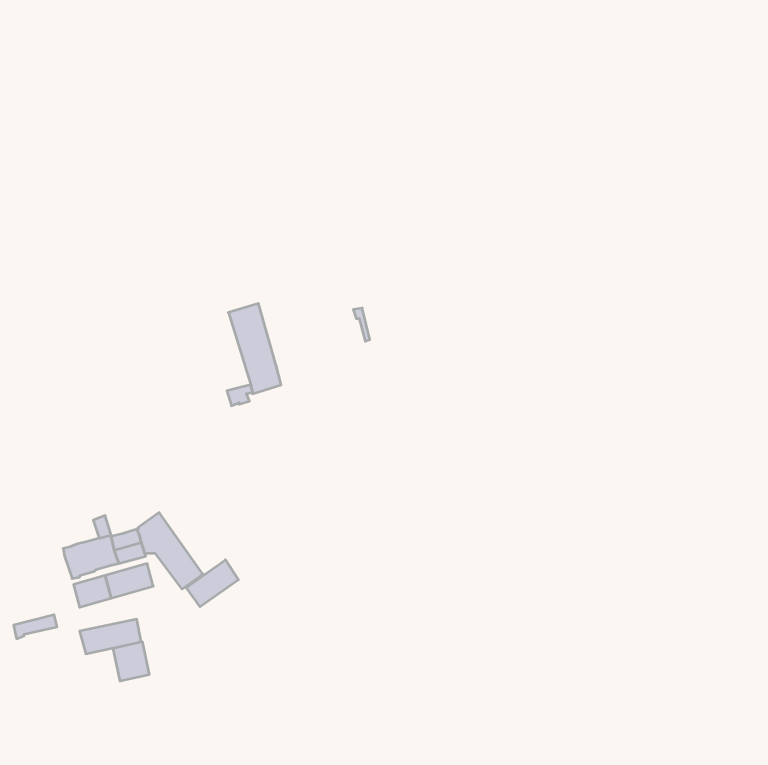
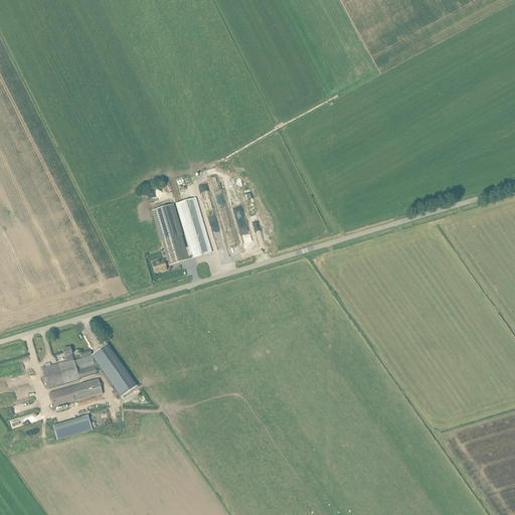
building: none -> [176,196,212,258]
building: [186,560,238,607] -> none
building: [113,642,149,681] -> none

